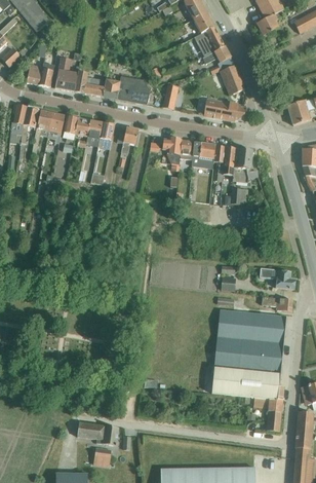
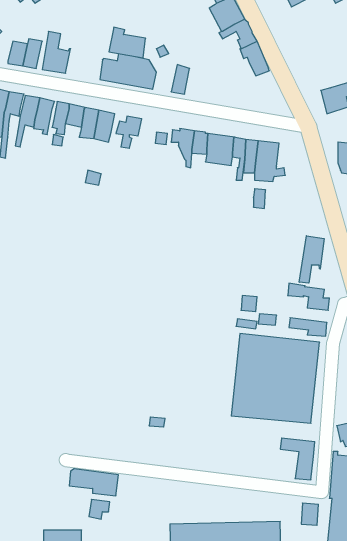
building: [74,70,105,96] -> [109,27,146,58]
building: [203,98,245,120] -> none
building: none -> [299,236,324,283]
building: [211,377,284,399] -> none

